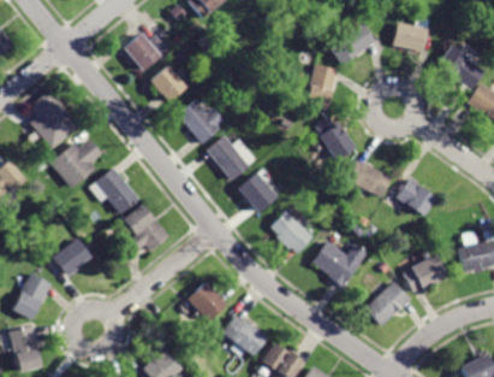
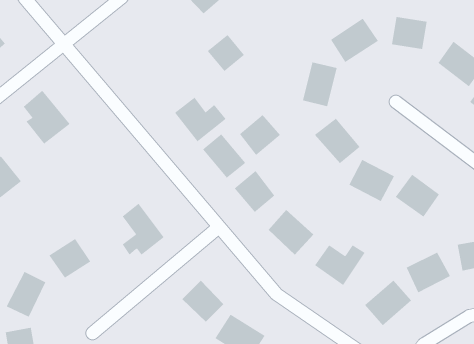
building: [121,31,159,70] -> none
building: [148,66,185,104] -> [207,34,245,72]
building: none -> [239,114,281,156]
building: [46,137,101,189] -> none
building: [94,167,138,214] -> none

